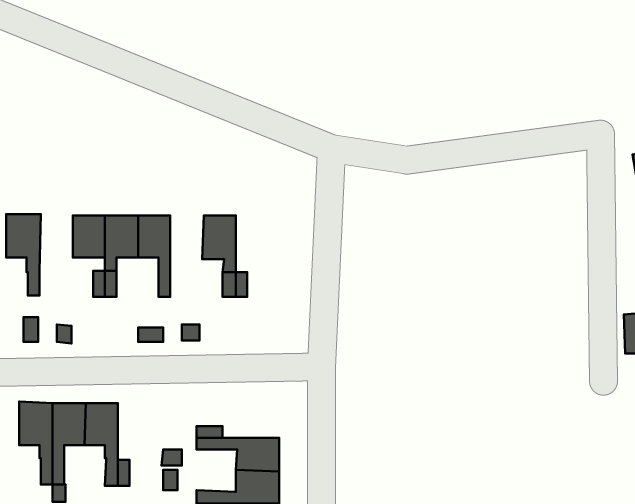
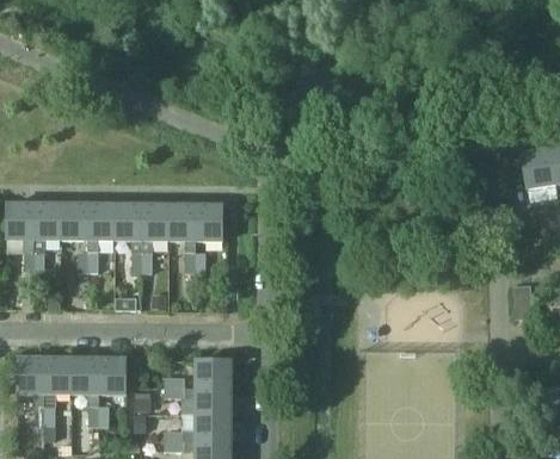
building: none -> [35,203,62,269]
building: none -> [142,204,170,271]
building: none -> [196,204,223,240]
building: none -> [99,358,127,392]
building: none -> [197,359,232,386]

